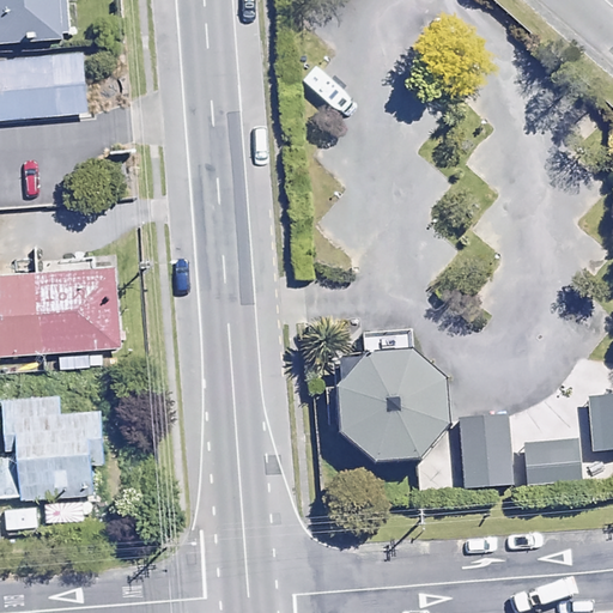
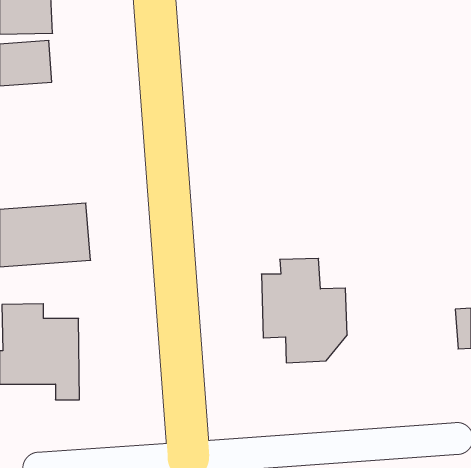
building: [462,419,511,490] -> none
building: [524,443,579,486] -> none

